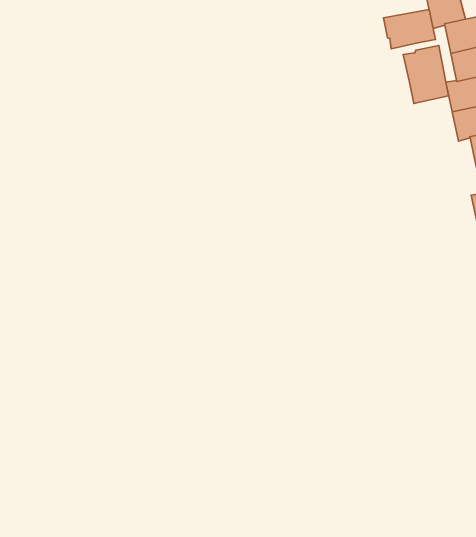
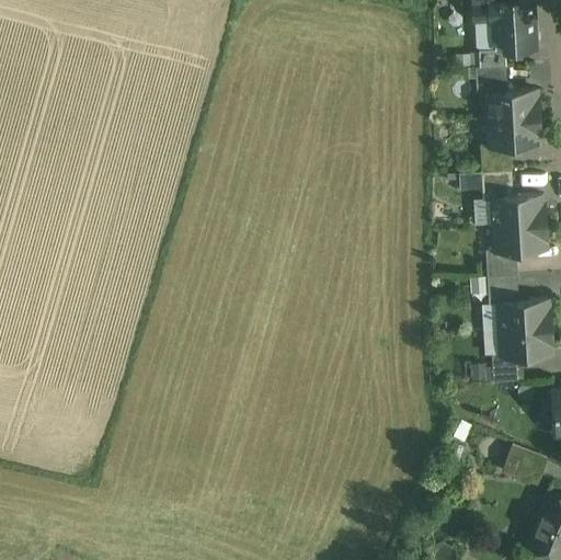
building: [384,10,435,49] -> none
building: [403,45,448,104] -> none

